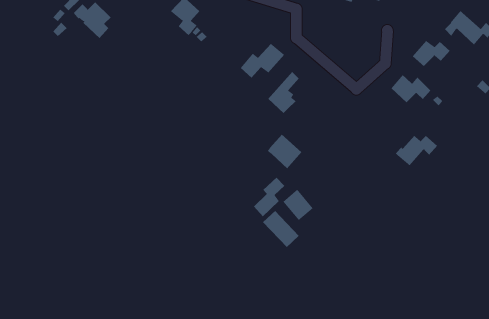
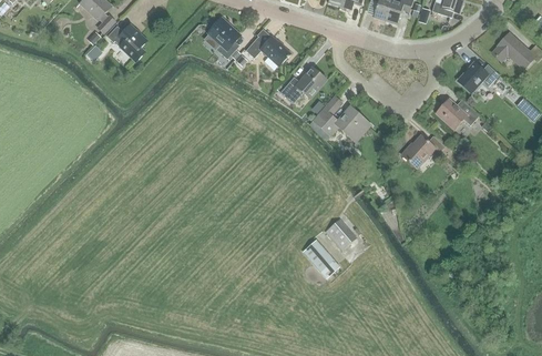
building: none -> [245,34,289,64]
building: [267,134,302,169] -> [334,104,370,141]
building: [395,135,438,166] -> [400,134,444,166]
building: [253,177,285,217] -> none

